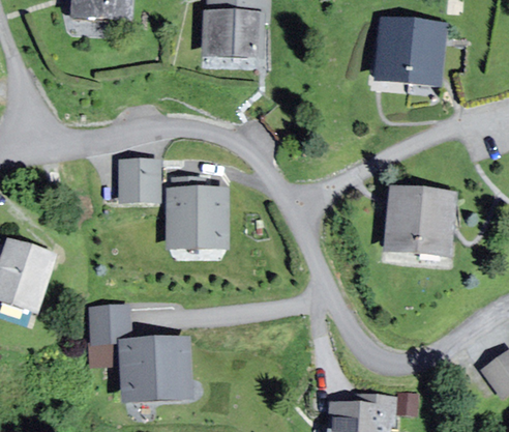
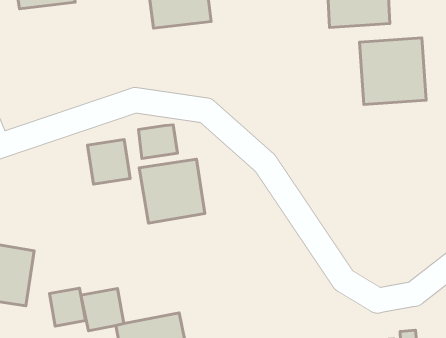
building: none -> [138,125,177,159]
building: [385,189,452,256] -> [359,38,426,105]
building: none -> [49,288,86,326]

